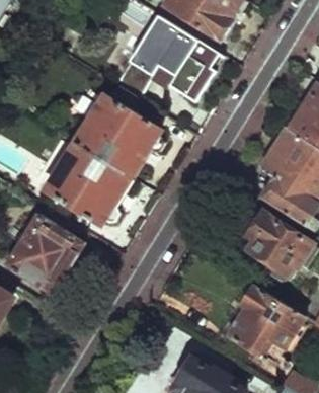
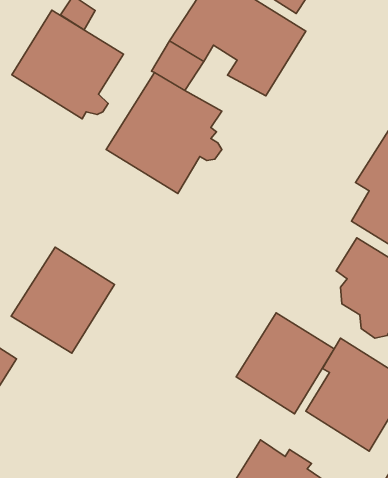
building: [50,143,132,223] -> [12,10,123,119]
building: none -> [236,313,334,414]

